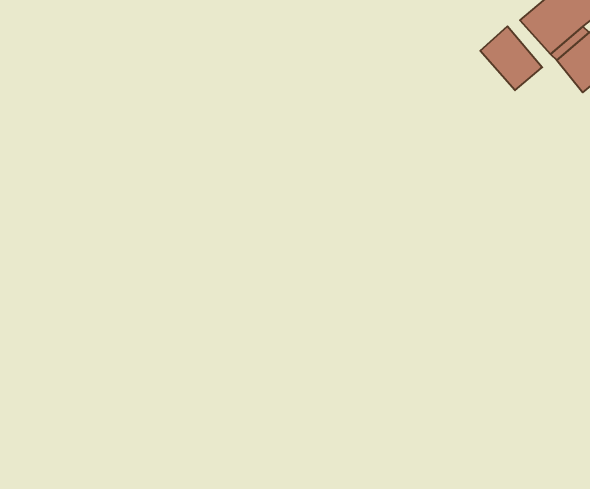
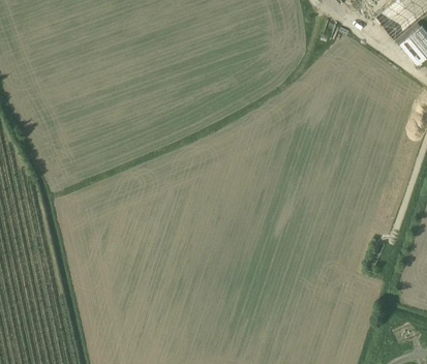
building: [480,26,542,90] -> none

